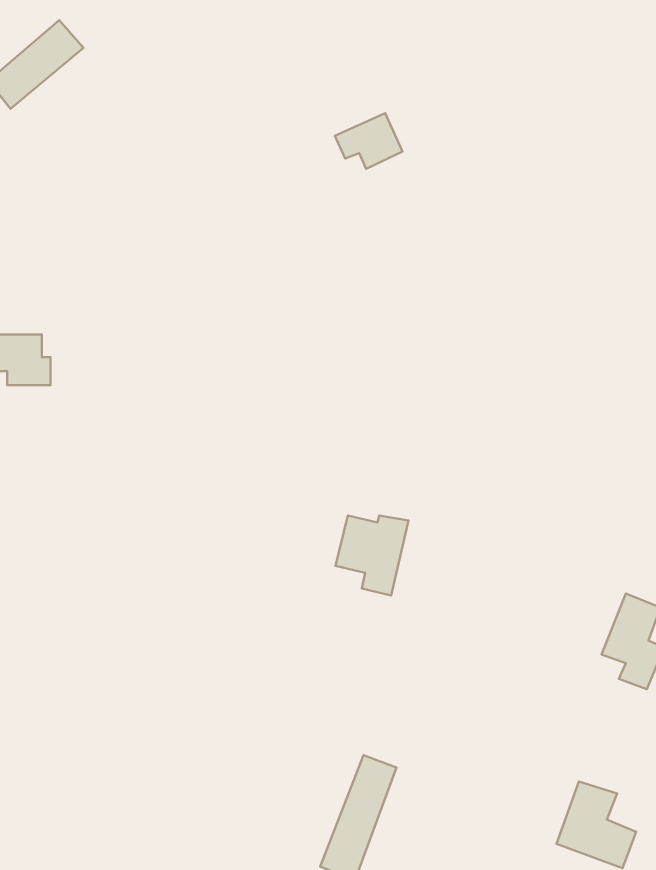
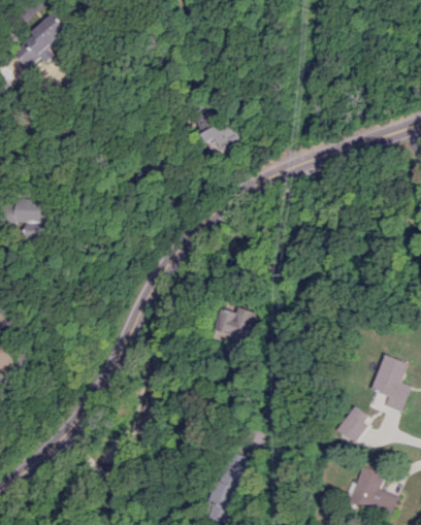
building: [335,113,403,169] -> [198,119,238,152]
building: none -> [336,406,370,441]

